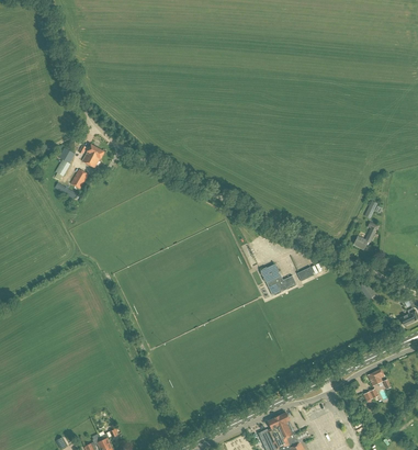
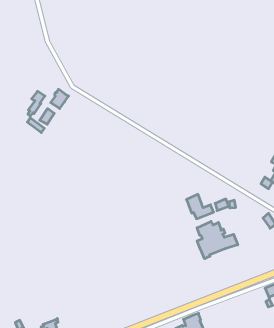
building: none -> [197,221,238,259]

